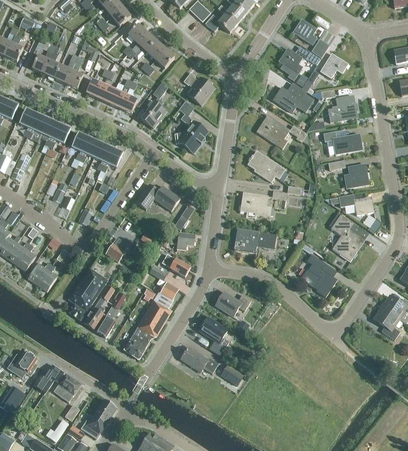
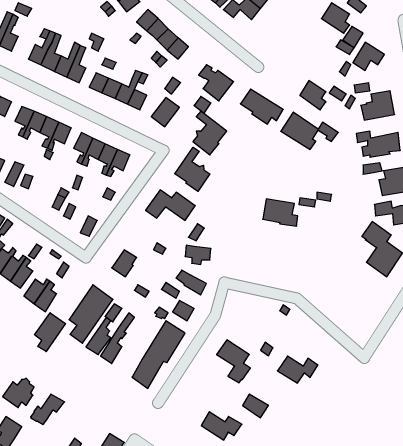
building: [278,47,303,81] -> none
building: none -> [175,147,210,191]
building: [247,151,285,182] -> [240,89,283,124]
building: [234,228,277,253] -> none
building: [301,253,337,297] -> none
building: [215,292,251,316] -> [277,356,318,383]
building: none -> [35,313,65,352]
building: [181,347,217,372] -> [201,412,242,440]
building: [53,374,81,402] -> none

